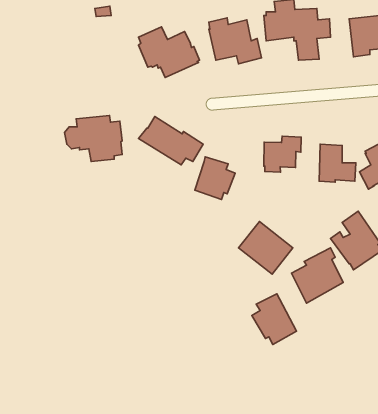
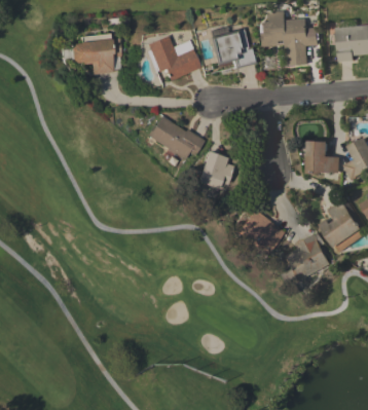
building: [65,115,122,161] -> [70,33,121,74]
building: [264,136,301,172] -> none
building: [252,294,296,345] -> none

